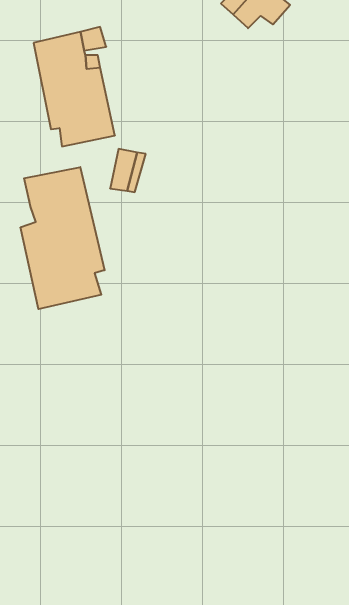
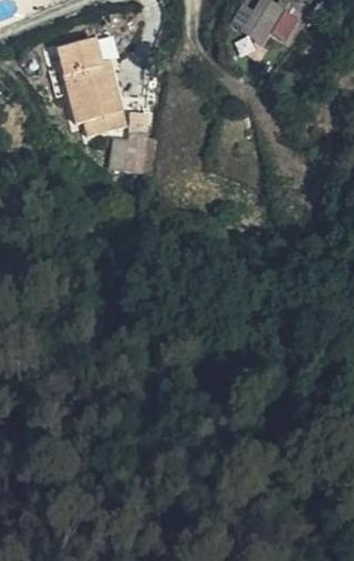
building: [21,167,105,309] -> none

